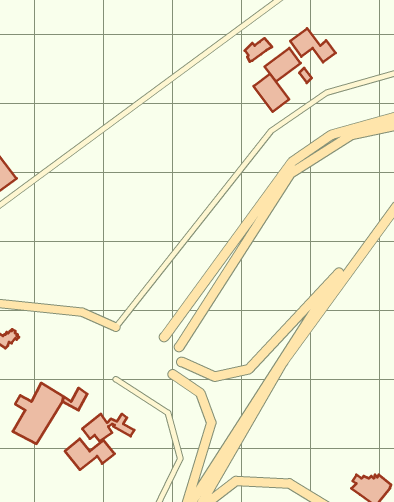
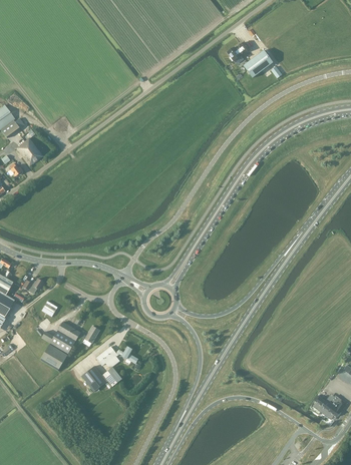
building: [290,28,336,62] -> none
building: [254,74,289,112] -> none

